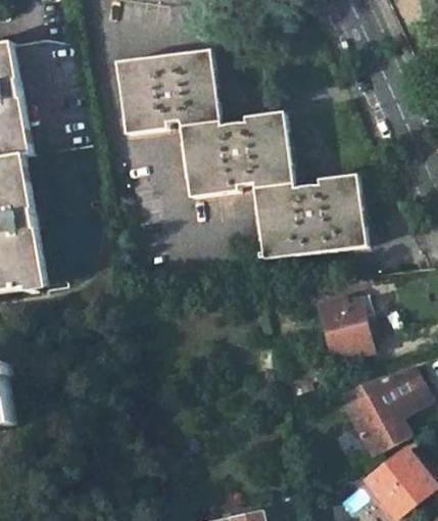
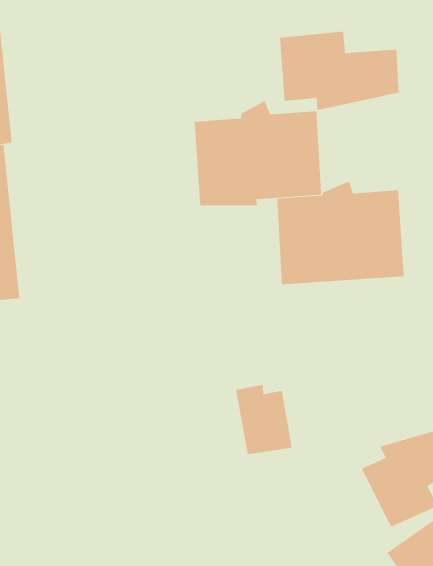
building: none -> [280,31,399,111]
building: [117,49,221,133] -> none
building: [321,297,372,358] -> [235,384,292,455]

